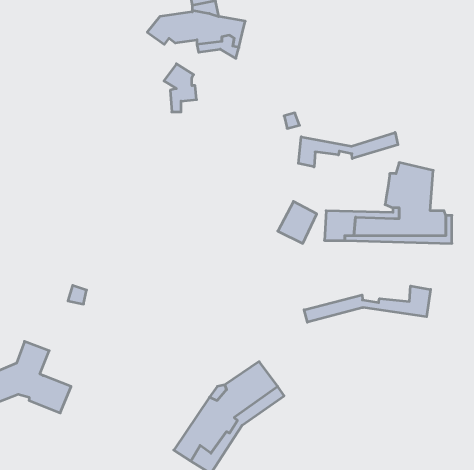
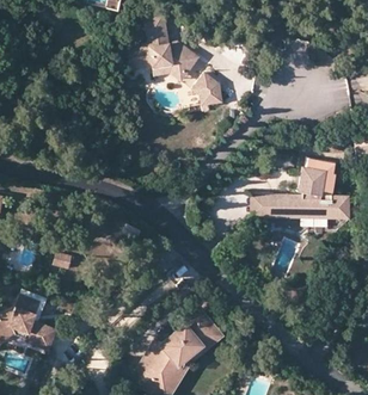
building: [164,64,197,112] -> [196,74,221,111]
building: [298,132,398,167] -> none
building: [304,286,431,322] -> none

